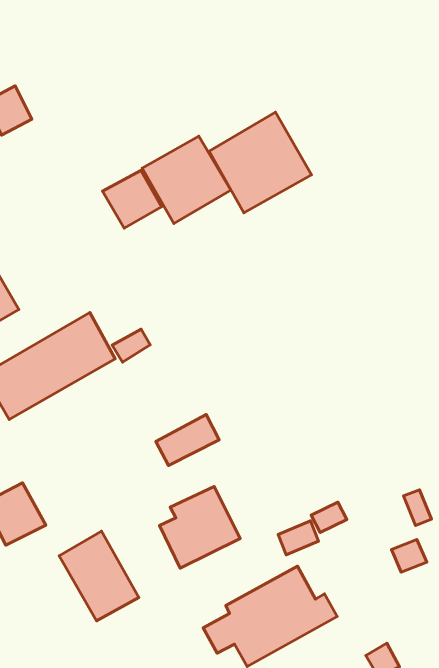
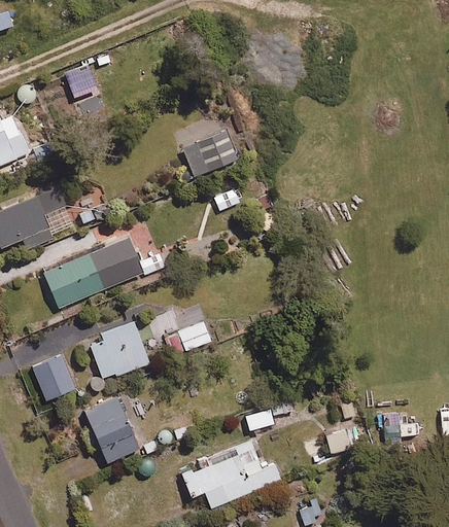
building: [209,112,311,213] -> none
building: [102,171,162,228] -> none
building: [160,487,240,568] -> [91,322,148,379]

